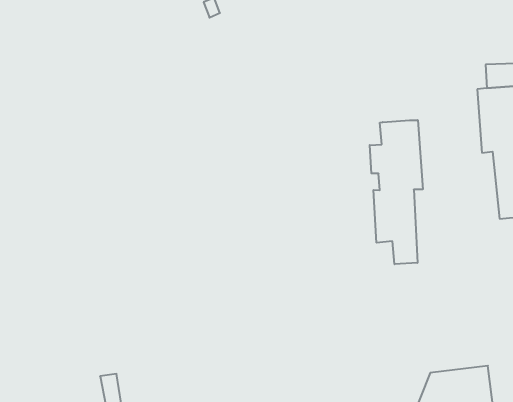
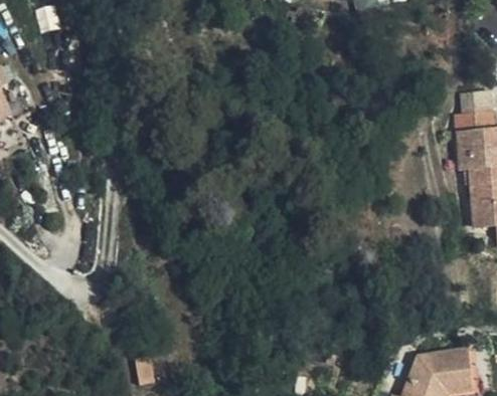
building: [370,120,423,264] -> none

